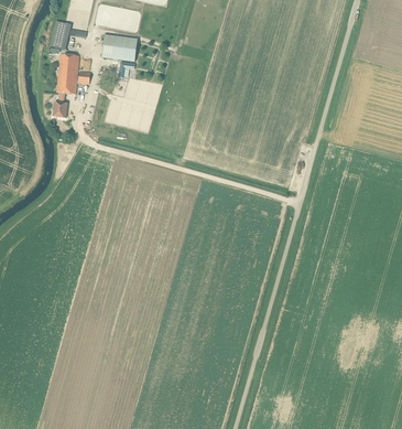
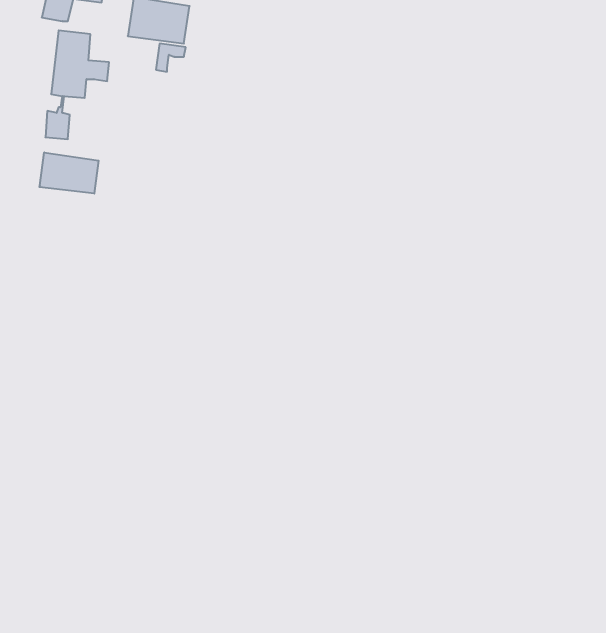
building: none -> [39,152,99,194]

